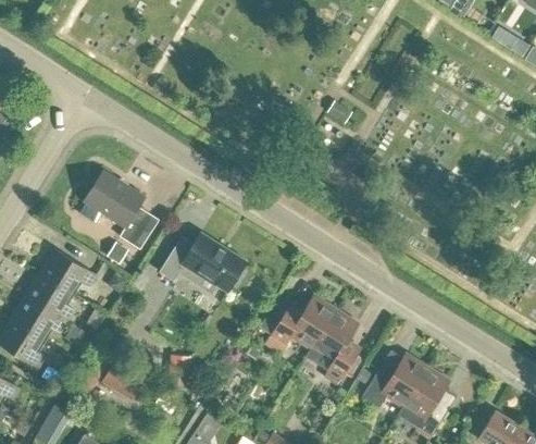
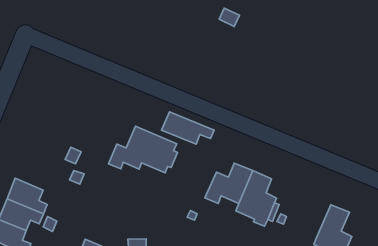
building: [79,170,159,248] -> none
building: none -> [161,112,214,144]
building: [39,248,97,292] -> none
building: [362,355,427,408] -> none

